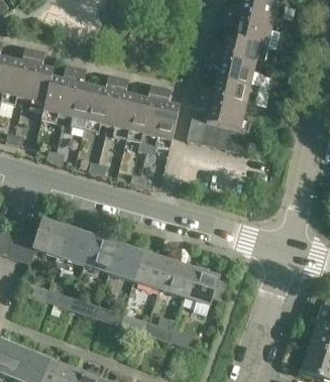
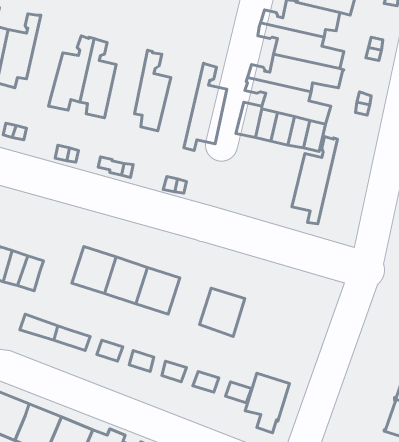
building: [23,48,52,111] -> none
building: [84,75,117,131] -> none
building: [125,84,160,151] -> [292,137,337,224]
building: [33,220,68,256] -> none
building: [133,252,167,288] -> none
building: [184,268,218,314] -> [245,373,289,433]

